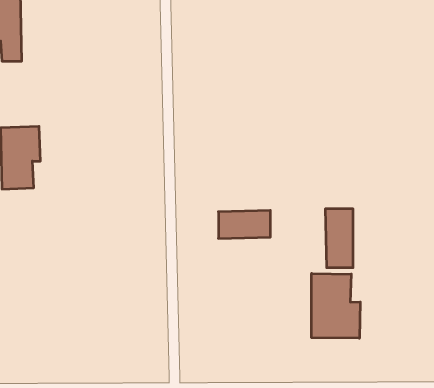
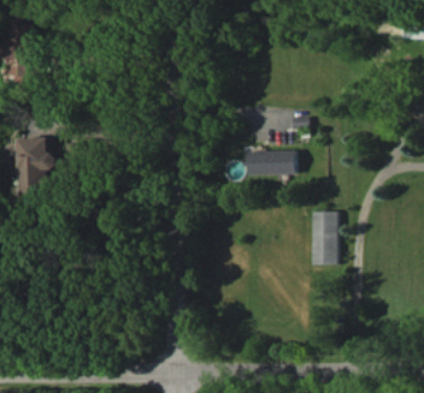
building: [218,210,270,238] -> [247,150,294,175]
building: [312,273,360,338] -> none

